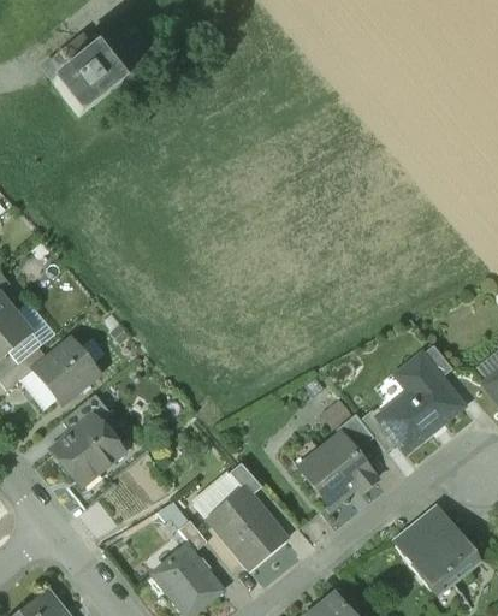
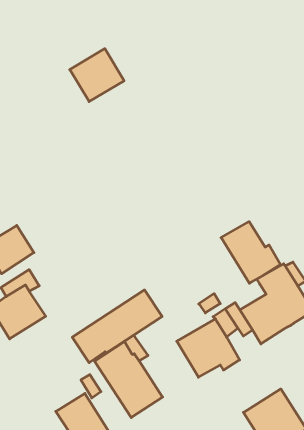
building: [51,46,123,117] -> [70,49,124,102]
building: none -> [221,222,281,283]
building: none -> [72,290,162,363]

